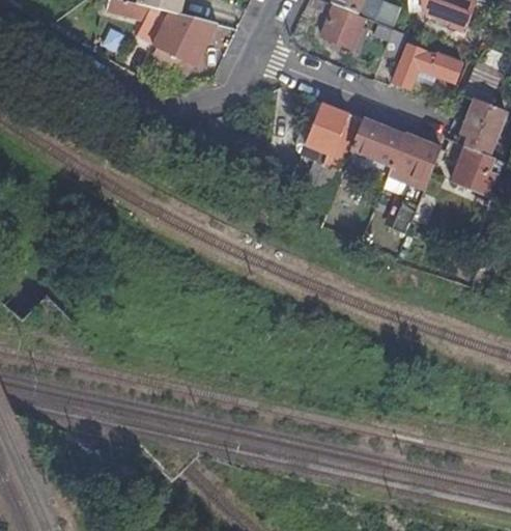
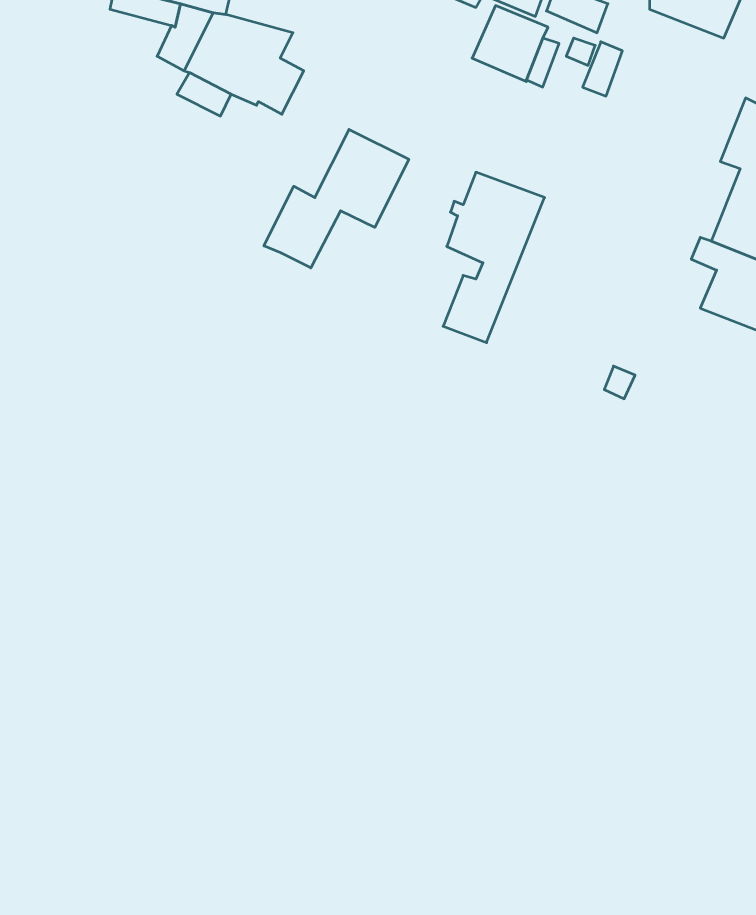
building: [391,35,458,87] -> none
building: none -> [264,129,409,268]
building: [351,118,441,207] -> none

